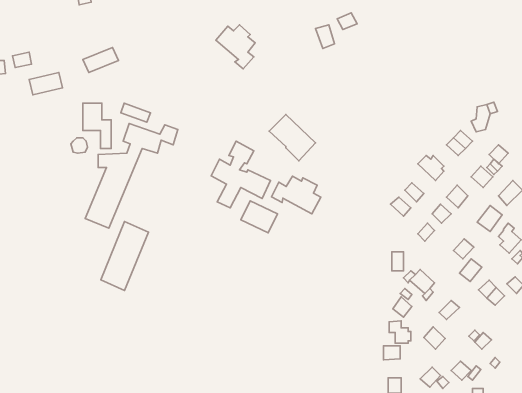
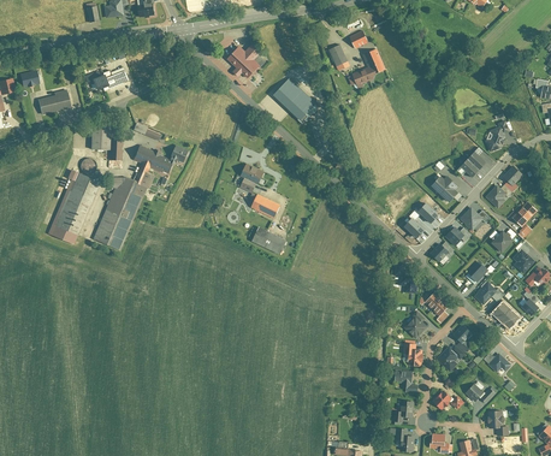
building: none -> [349,49,385,87]
building: [269,114,315,161] -> [272,77,319,124]
building: [271,176,321,214] -> none
building: [101,222,148,291] -> [49,171,97,241]

